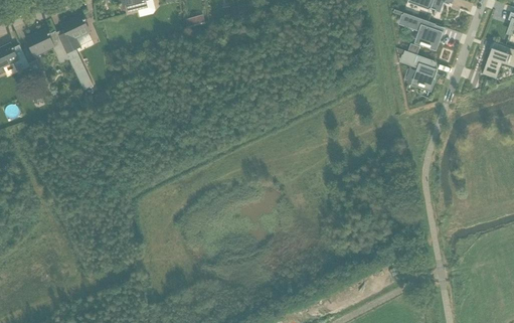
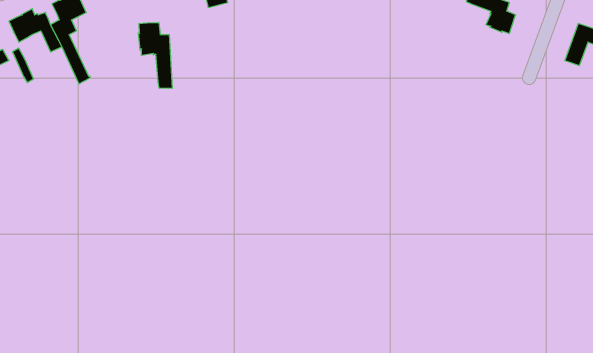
building: none -> [138,22,172,88]
building: [399,50,436,88] -> none

